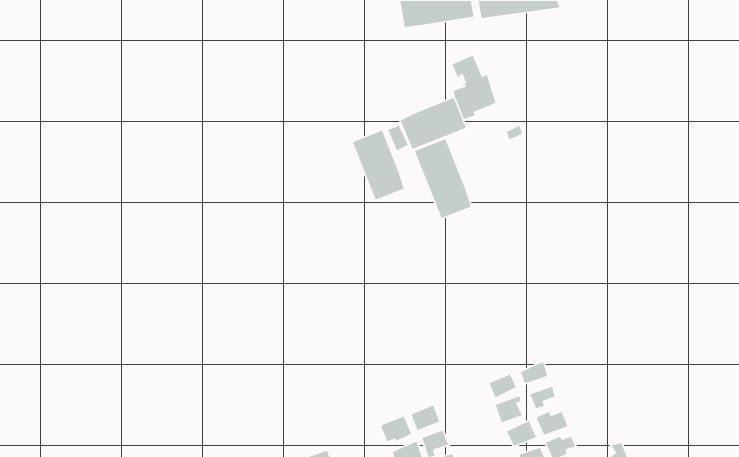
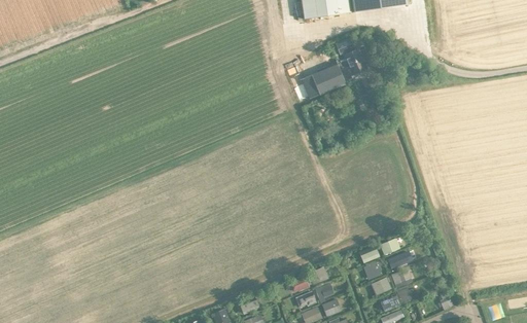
building: [352,130,405,201] -> none
building: [414,138,472,219] -> none

